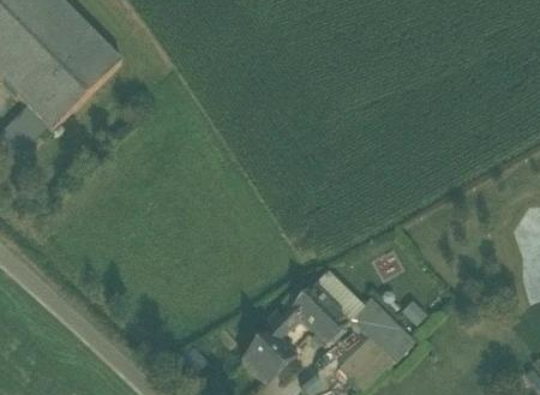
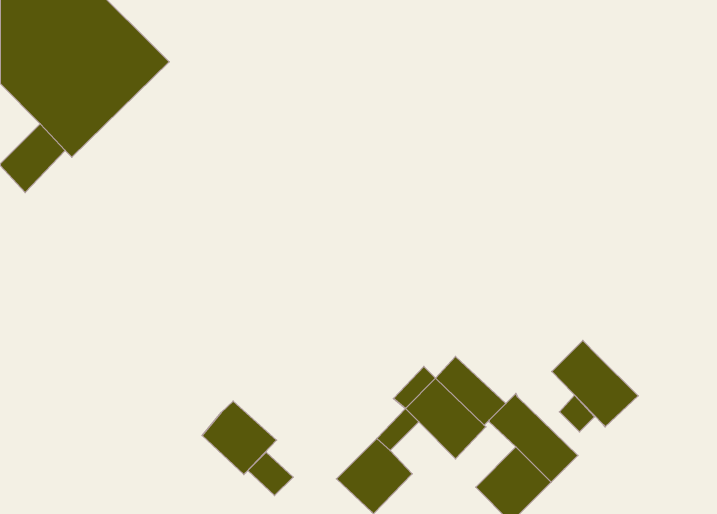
building: none -> [552,341,638,427]
building: none -> [202,401,276,475]

